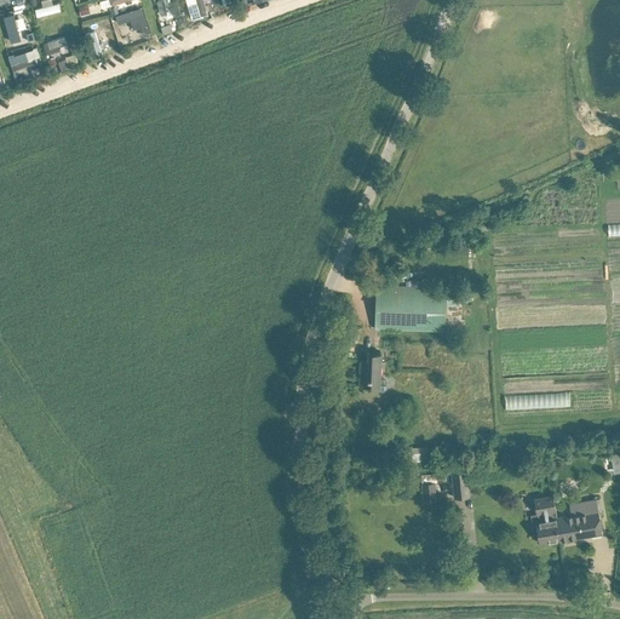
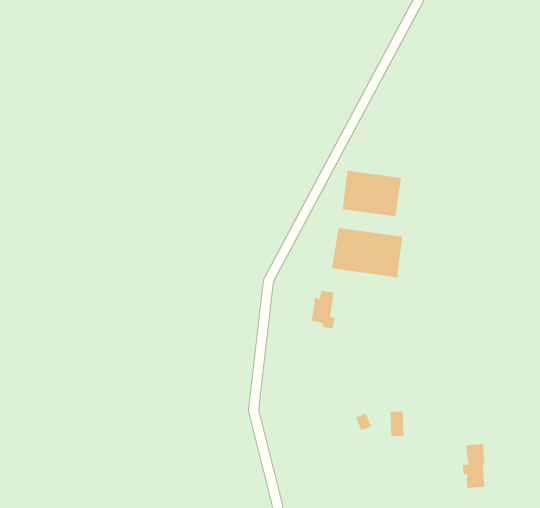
building: none -> [342,170,402,217]
building: [555,498,602,540] -> none

